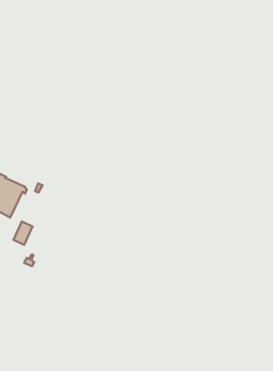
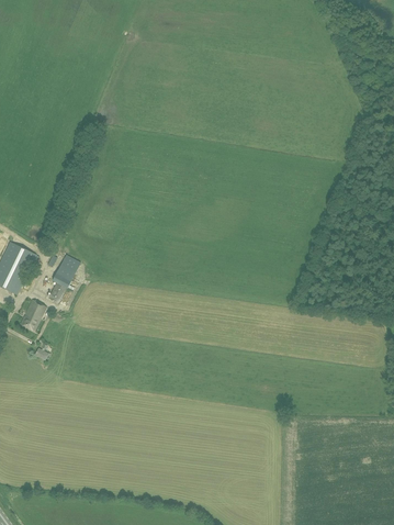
building: none -> [49,254,81,302]

